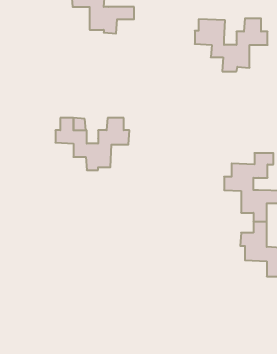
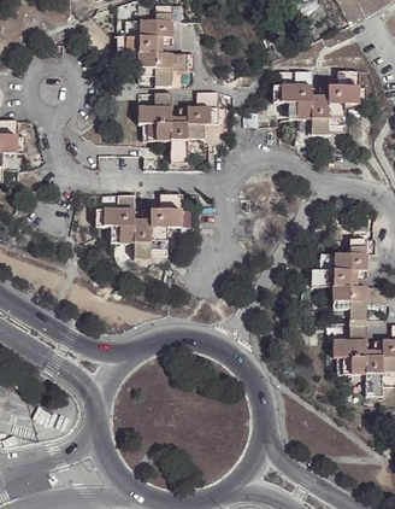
building: none -> [138,90,228,163]

